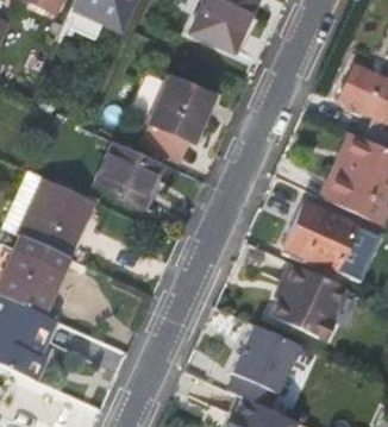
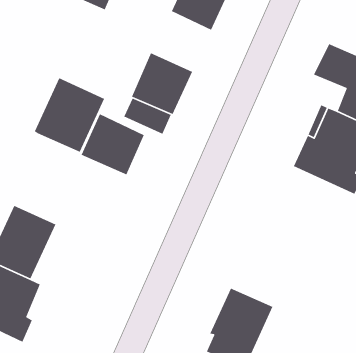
building: [21,177,96,257] -> [34,77,105,153]
building: [282,202,378,278] -> none
building: [269,263,340,340] -> none

